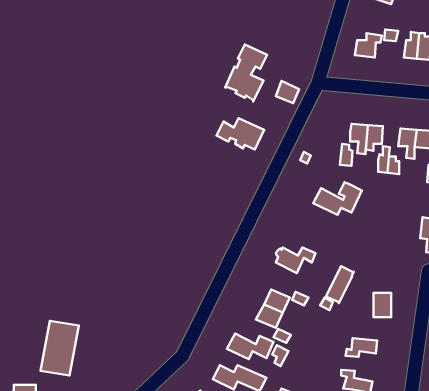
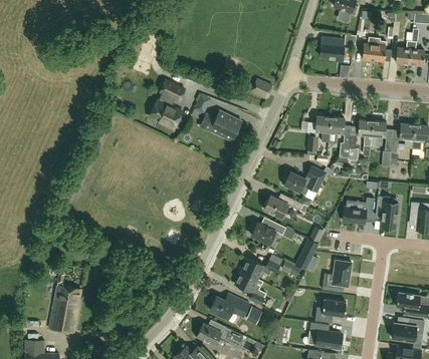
building: [225,44,267,101] -> [150,80,186,129]
building: none -> [264,197,304,219]
building: none -> [344,198,375,224]

